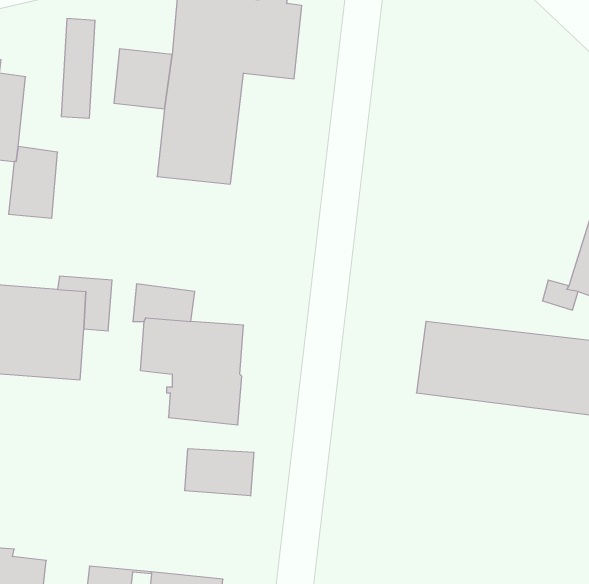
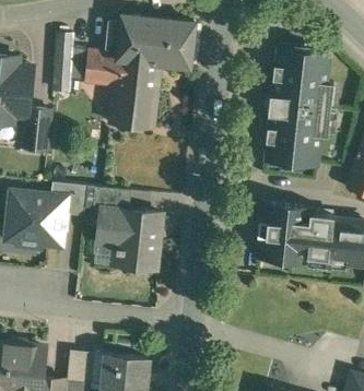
building: none -> [267,52,328,165]
building: [185,449,254,496] -> none

